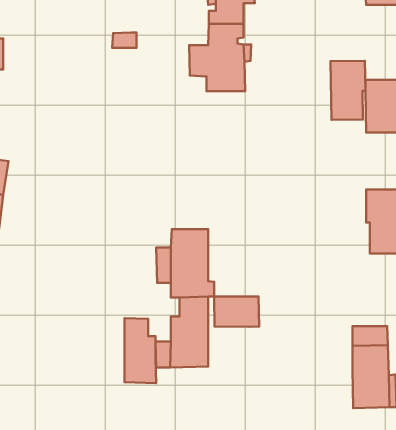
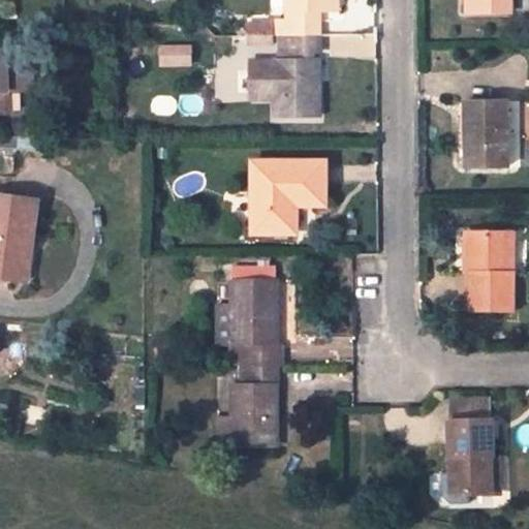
building: [331,61,365,120] -> none
building: none -> [250,161,325,234]
building: [214,297,259,327] -> none
building: [125,318,156,383] -> none

